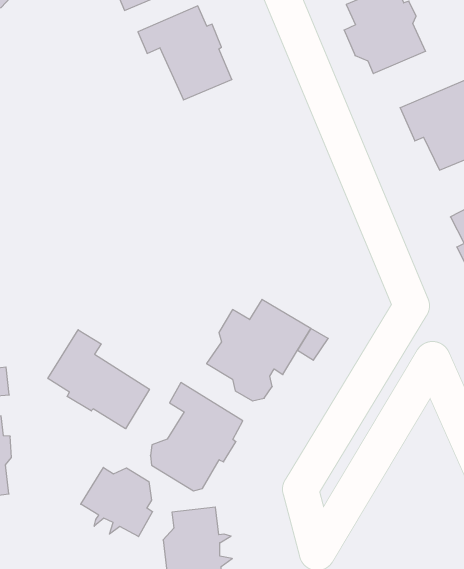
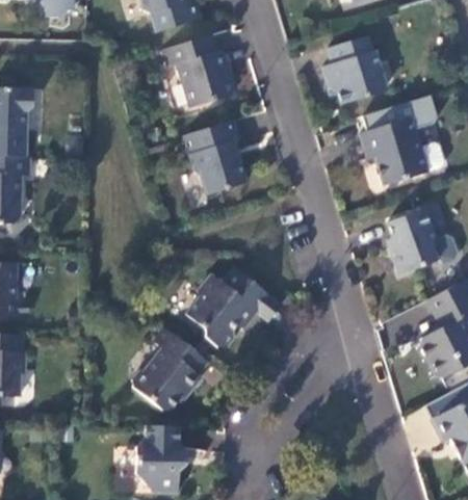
building: none -> [183,121,245,193]
building: [48,330,149,429] -> none
building: [81,467,153,537] -> none

